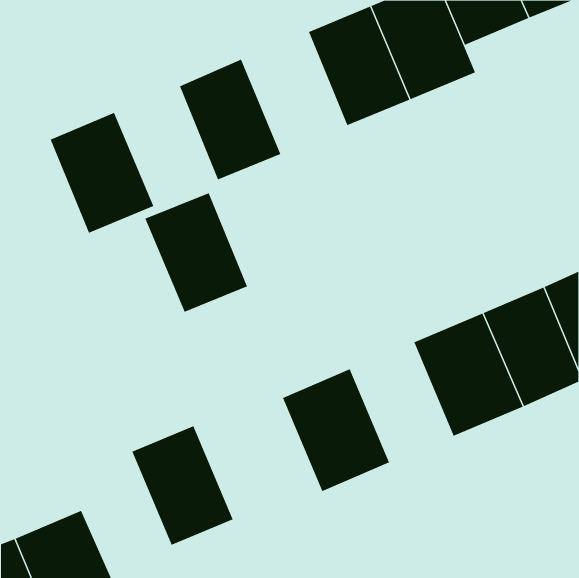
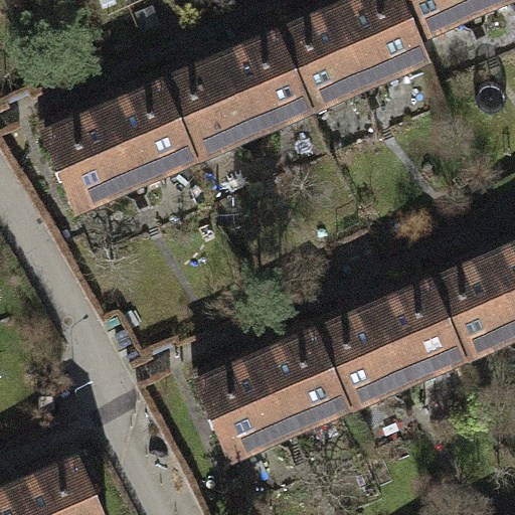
building: none -> [214,29,308,138]
building: [145,192,248,312] -> [102,77,193,184]
building: none -> [311,305,402,411]
building: [132,425,234,546] -> [195,354,286,461]

